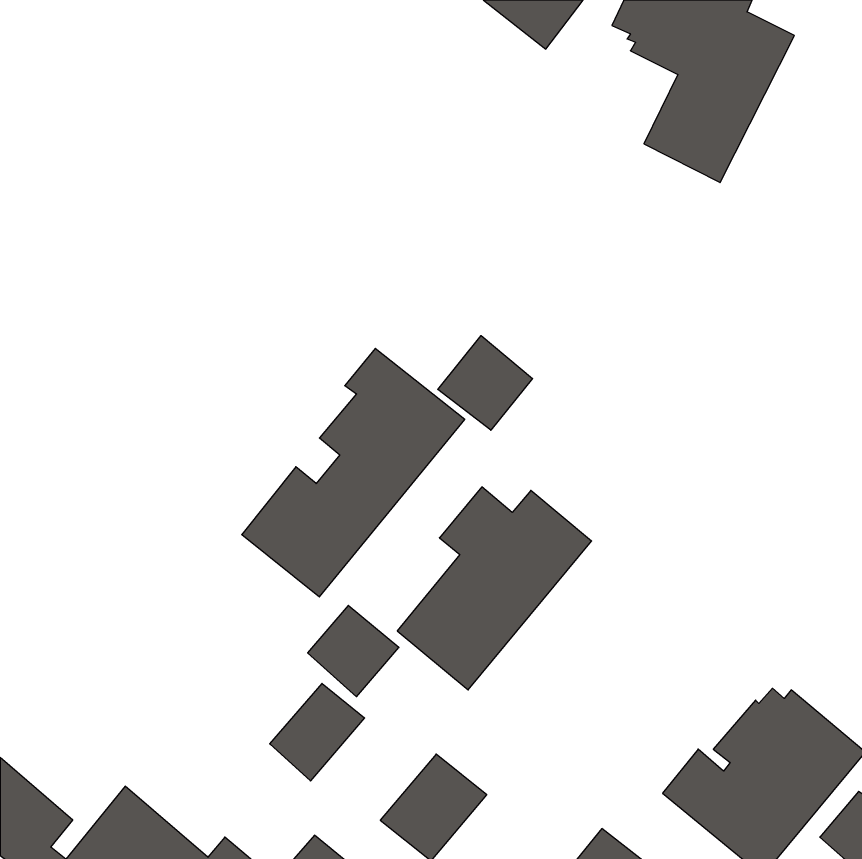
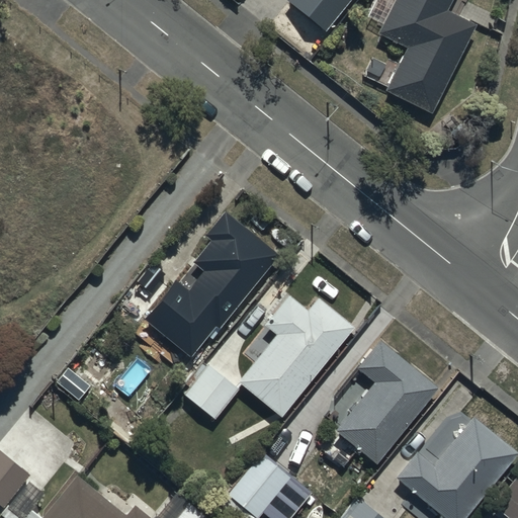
building: [438,336,533,430] -> none
building: none -> [324,339,439,468]
building: [270,683,365,781] -> none

